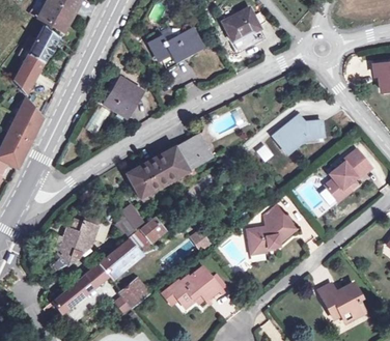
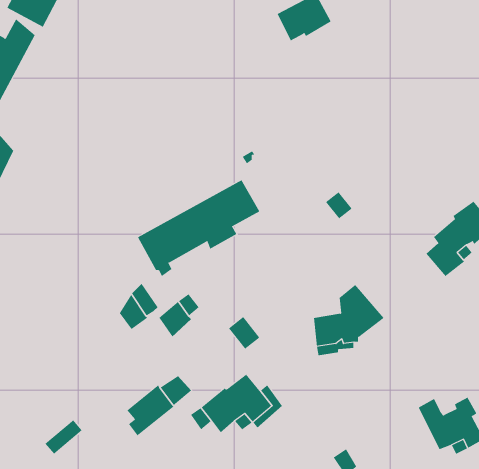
building: [149,28,202,66] -> none
building: [101,75,141,120] -> none
building: [277,116,326,152] -> none
building: [56,220,97,267] -> none
building: [53,239,139,313] -> none

